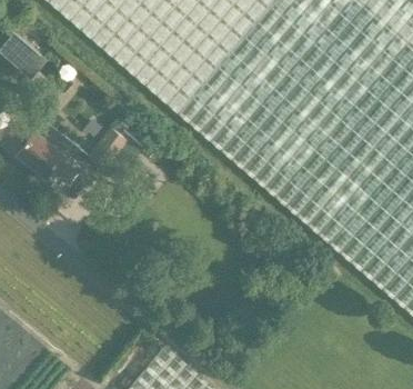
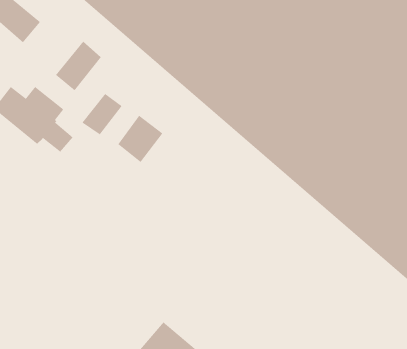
building: none -> [55,41,101,91]
building: none -> [118,115,163,163]

